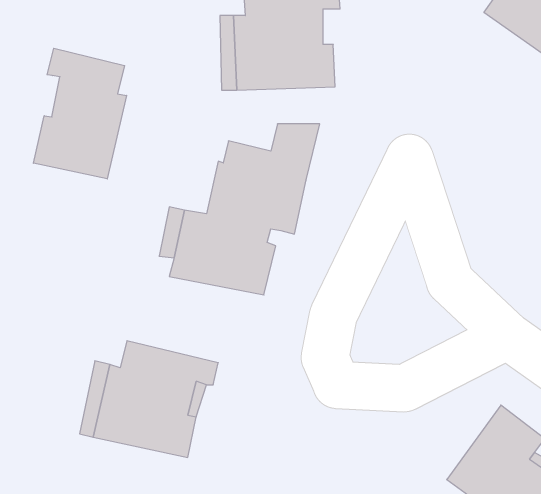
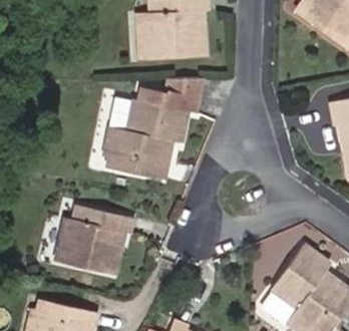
building: [33,48,127,179] -> none

